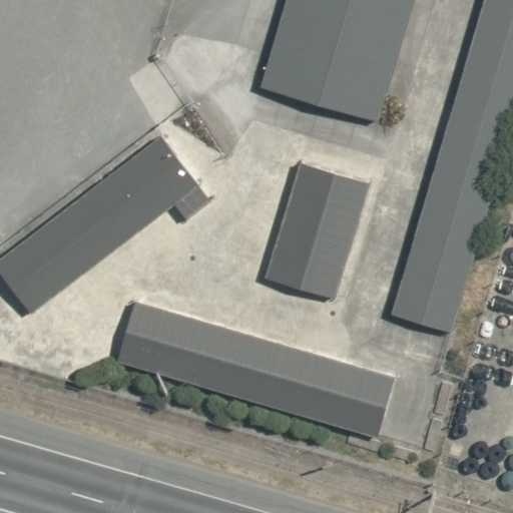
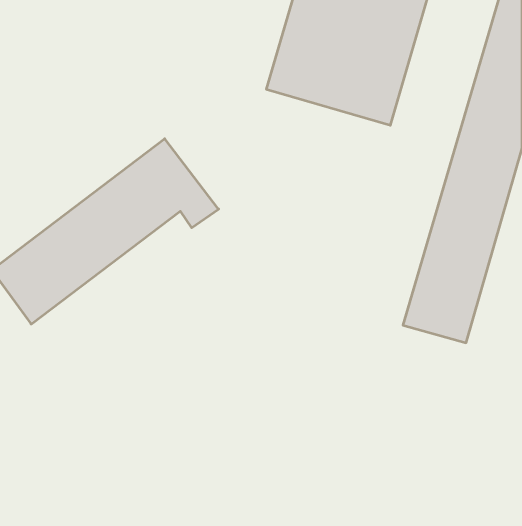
building: [264,161,369,298] -> none
building: [116,302,395,437] -> none

